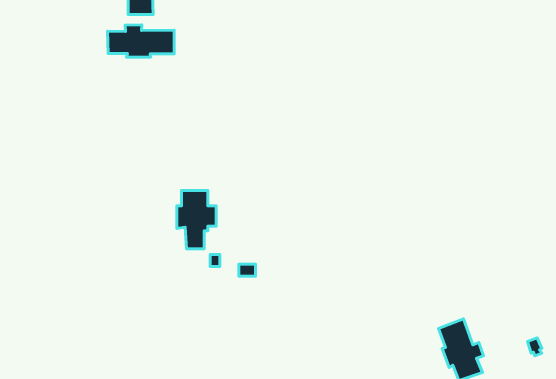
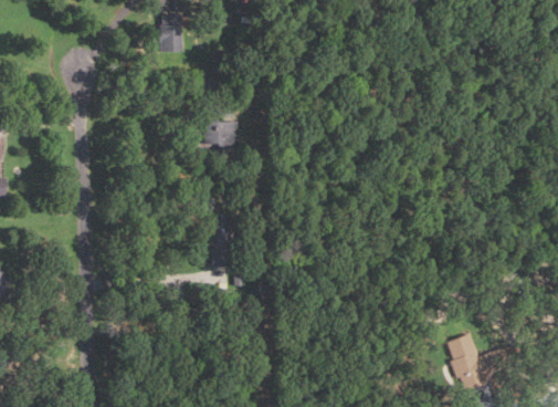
building: [107,25,174,57] -> none
building: none -> [202,119,238,150]

